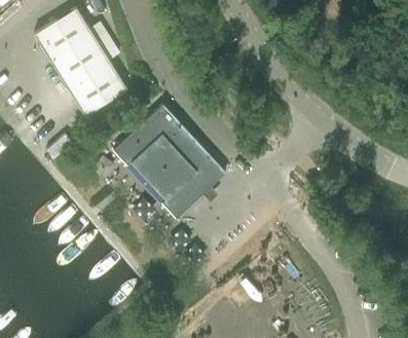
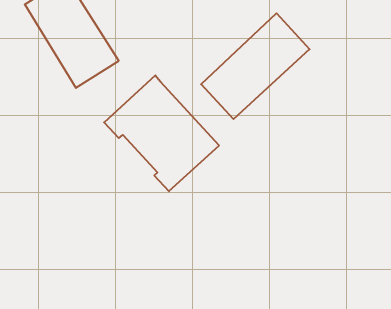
building: none -> [201,13,310,119]

